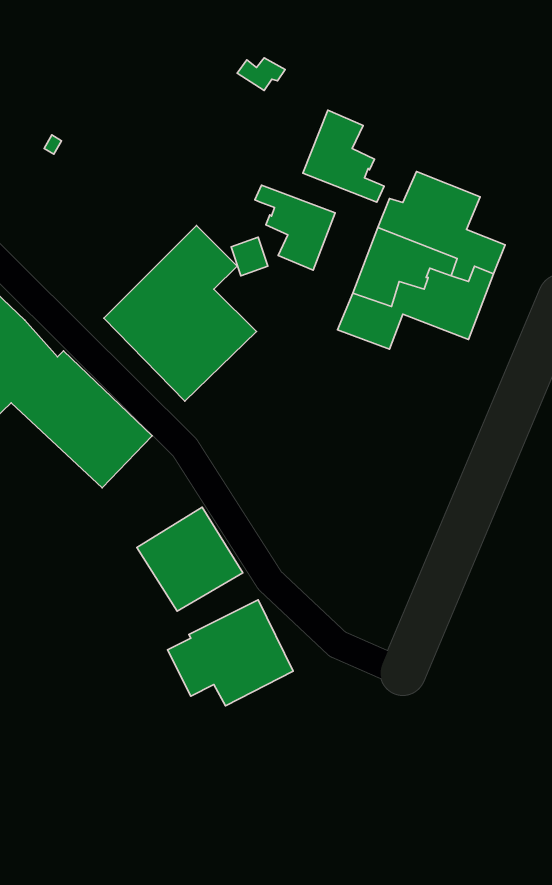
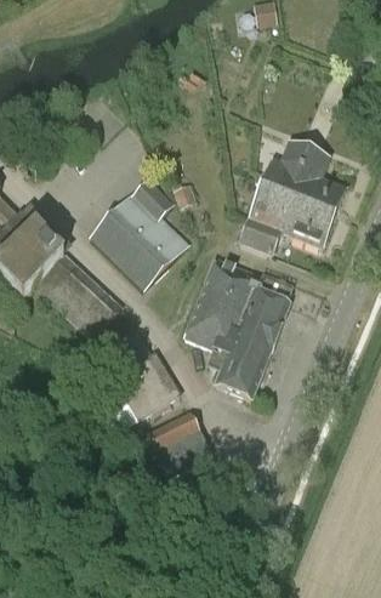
building: [303,110,384,202] -> none
building: [255,185,335,270] -> none
building: none -> [183,257,290,399]

